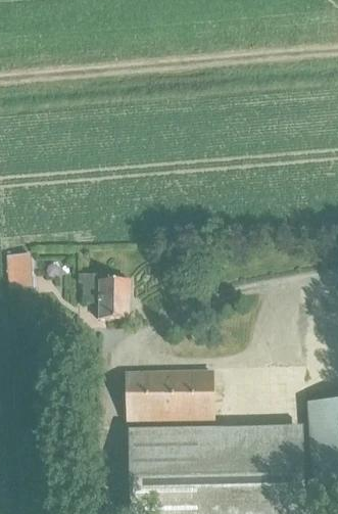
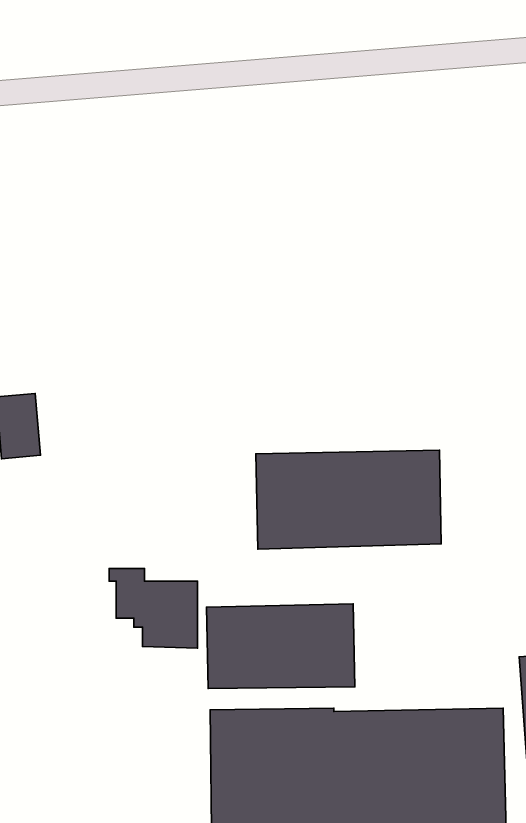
building: [79,272,130,318] -> [109,569,197,648]
building: none -> [256,450,441,549]

